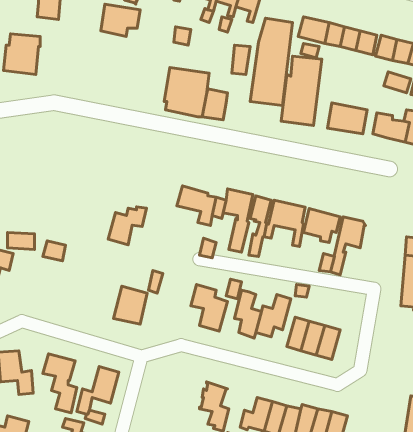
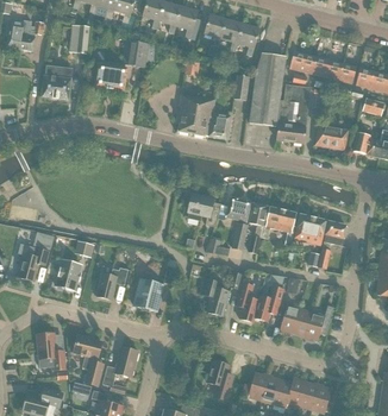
building: none -> [95,64,126,90]
building: [108,207,146,245] -> [95,267,127,300]
building: none -> [55,259,80,290]

